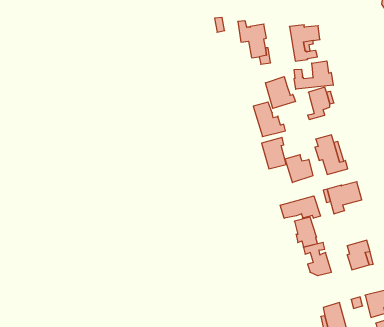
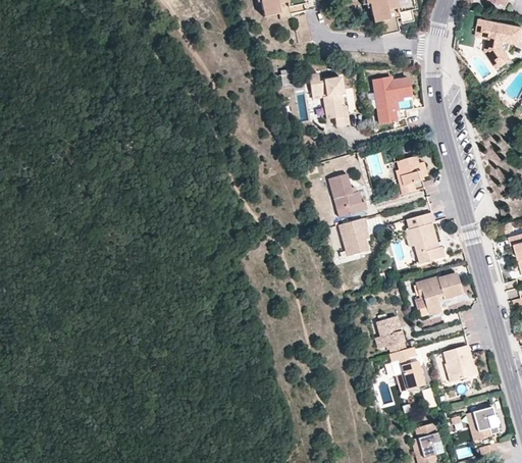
building: [294,61,333,89] -> none
building: [265,77,295,108] -> none
building: [285,155,313,183] -> none
building: [280,196,320,218] -> none

